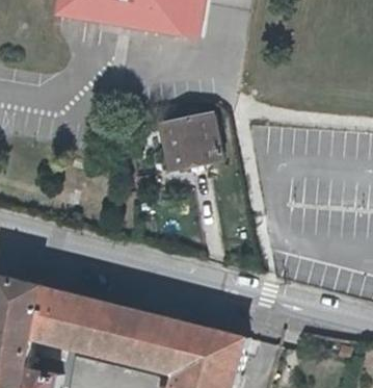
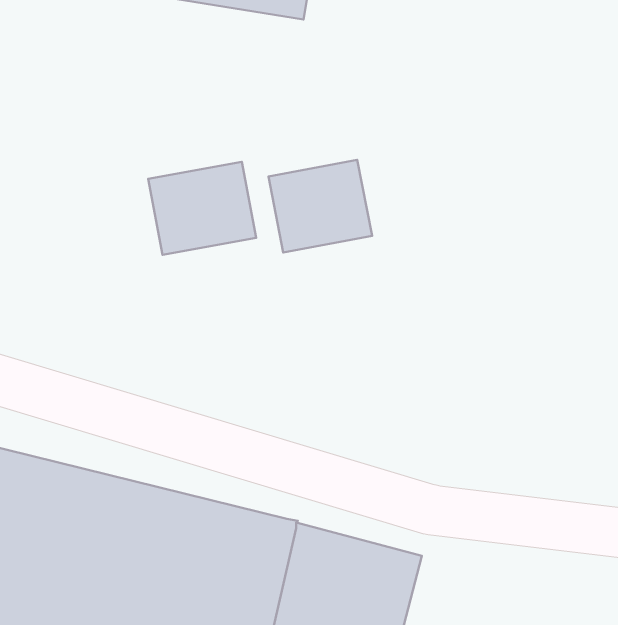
building: none -> [148,162,256,255]

